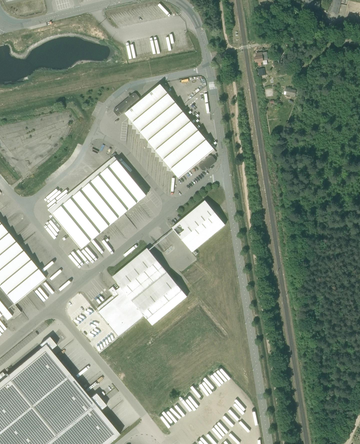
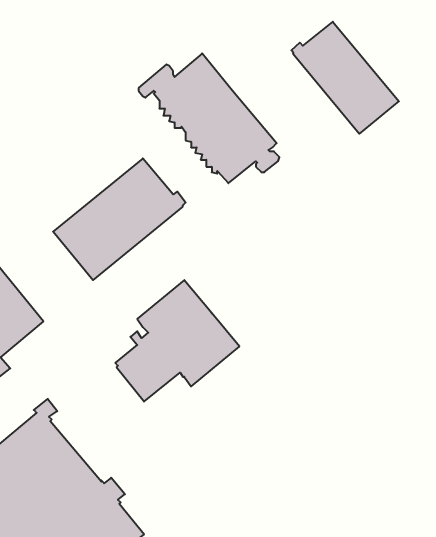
building: none -> [291,22,399,134]
building: [172,200,225,251] -> none

